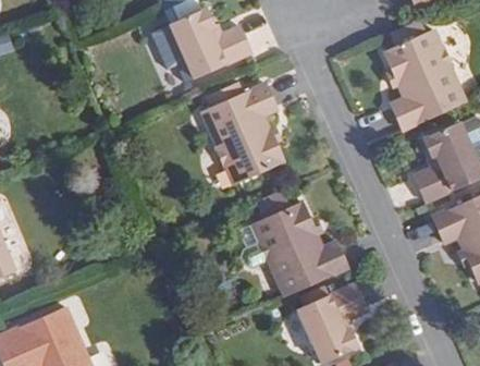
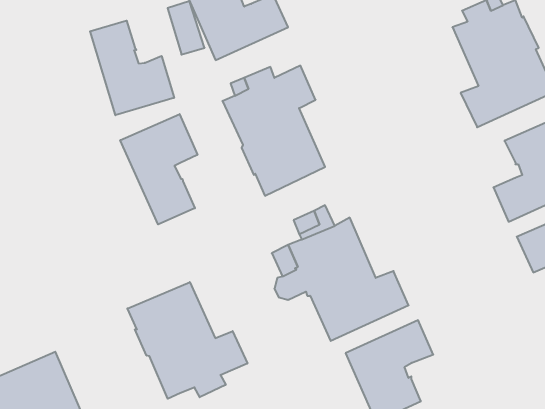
building: none -> [90,21,174,115]
building: none -> [120,114,197,224]
building: none -> [127,282,247,399]

